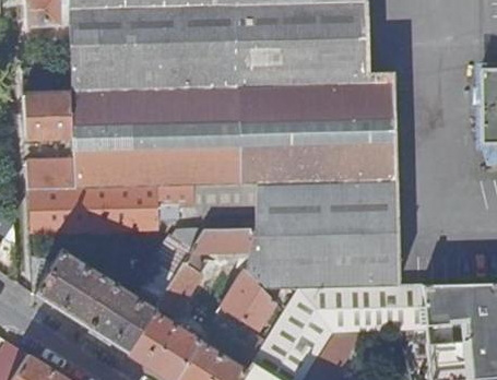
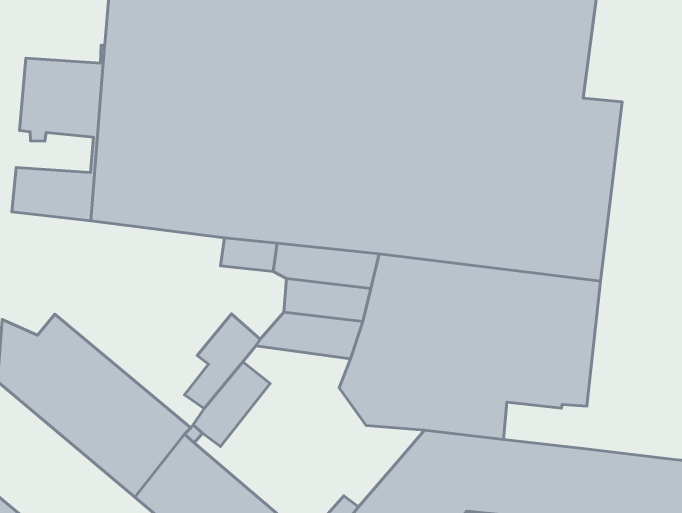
building: [33,190,157,230] -> none
building: [347,260,398,287] -> none
building: [221,270,276,330] -> none

